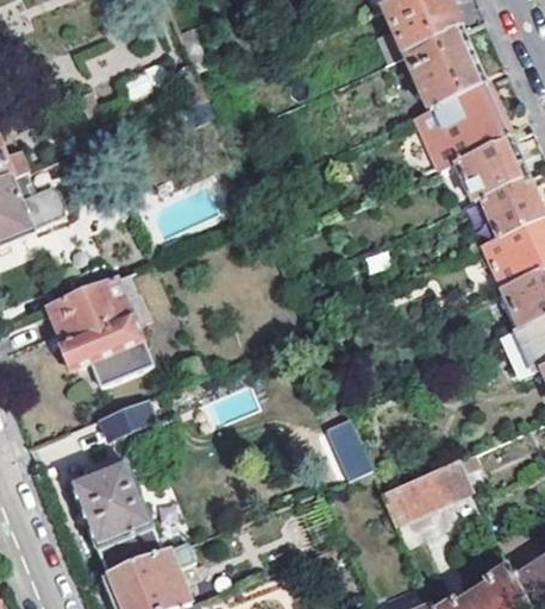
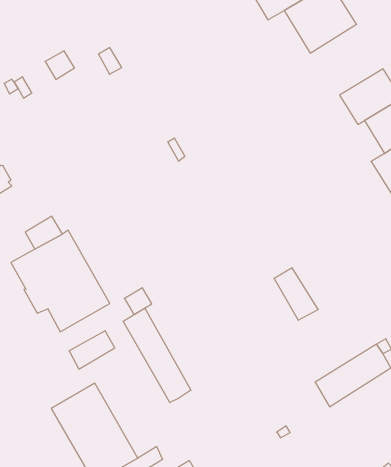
building: [415,84,510,172] -> none
building: none -> [123,308,191,403]
building: [325,417,371,479] -> [274,268,318,320]

